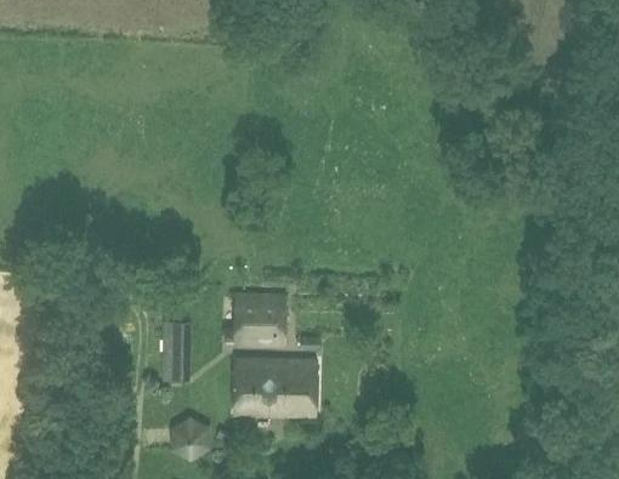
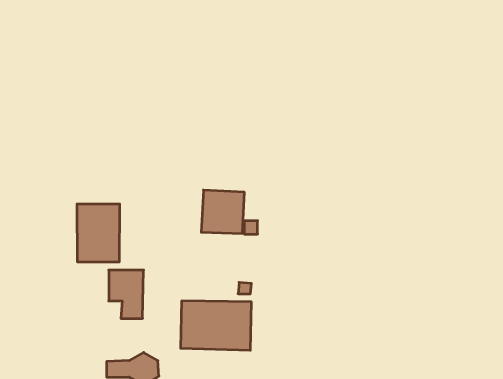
building: none -> [77,204,120,262]
building: [234,292,285,343] -> [201,190,244,233]

